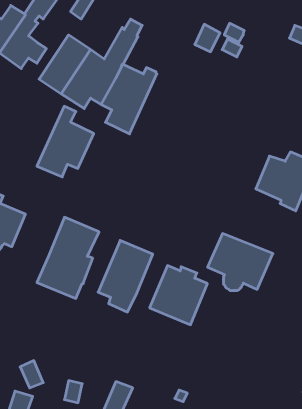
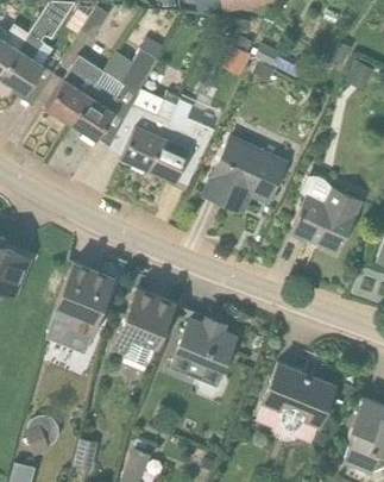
building: none -> [203,136,287,211]
building: [37,106,94,177] -> [147,100,212,180]
building: [208,234,273,290] -> [262,363,335,427]

